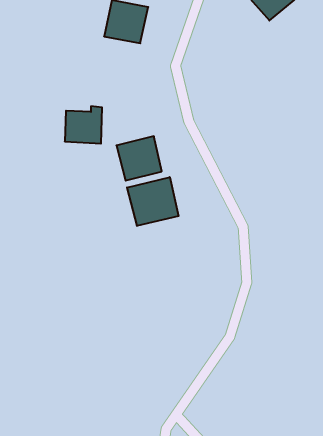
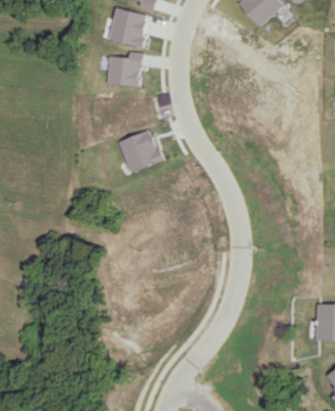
building: [65,106,102,144] -> [107,52,141,86]
building: [127,177,179,226] -> none

